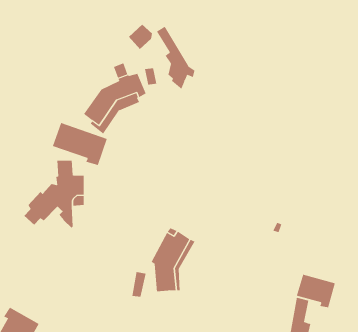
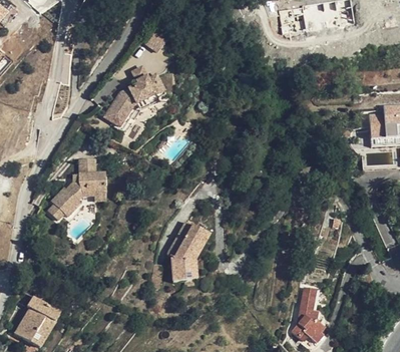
building: [156,26,195,90] -> none
building: [52,122,108,166] -> none
building: [296,274,335,308] -> none

